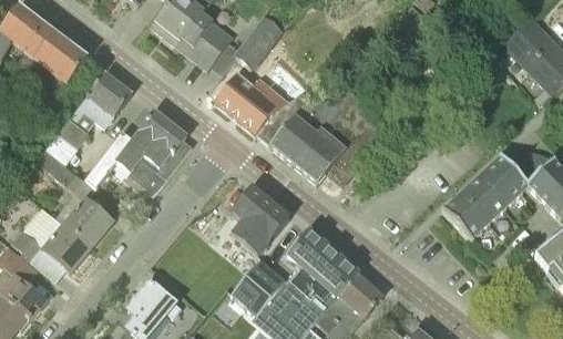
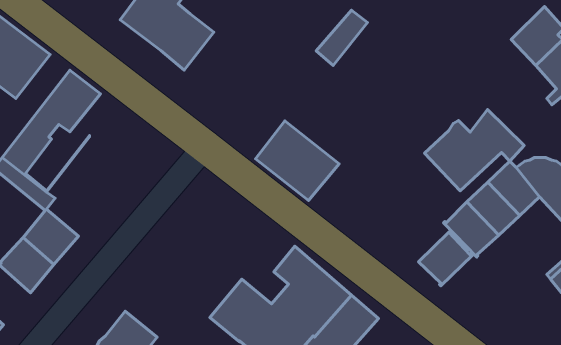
building: [235,18,282,68] -> [316,10,368,65]
building: [213,71,288,134] -> none
building: none -> [424,109,524,191]
building: [83,110,187,188] -> none
building: [231,186,288,255] -> none
building: none -> [418,232,473,286]

